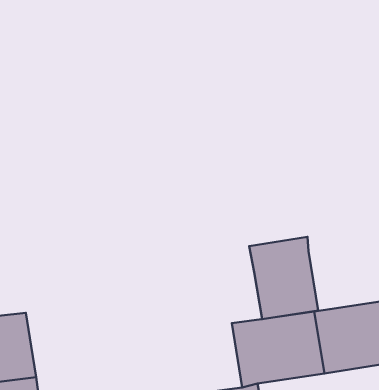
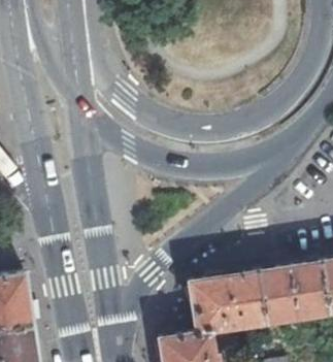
building: [249,237,318,319] -> none

